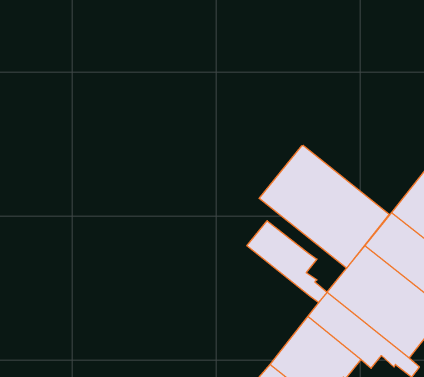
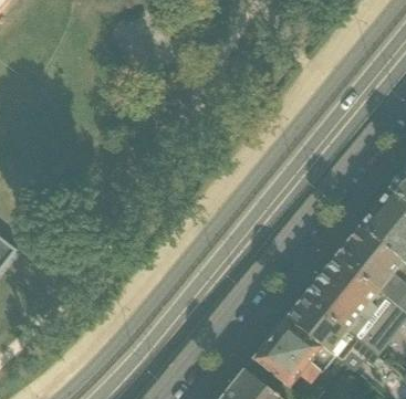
building: [259,145,389,268] -> none
building: [247,221,327,302] -> none

